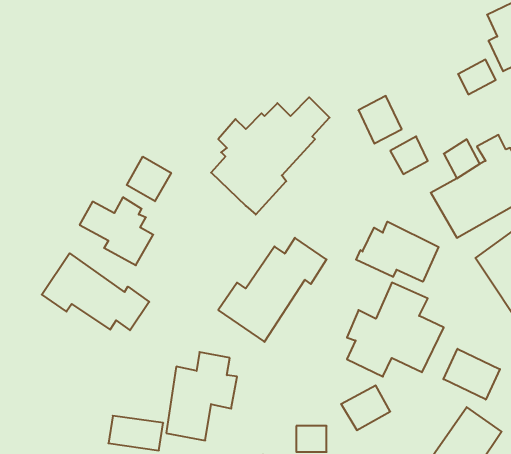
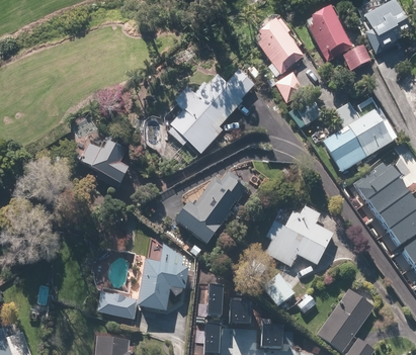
building: none -> [306,7,352,60]
building: none -> [253,20,304,73]
building: [127,157,171,201] -> none
building: [356,222,439,282] -> none
building: [42,253,149,330] -> none
building: [443,349,500,400] -> none
building: none -> [203,284,222,314]

